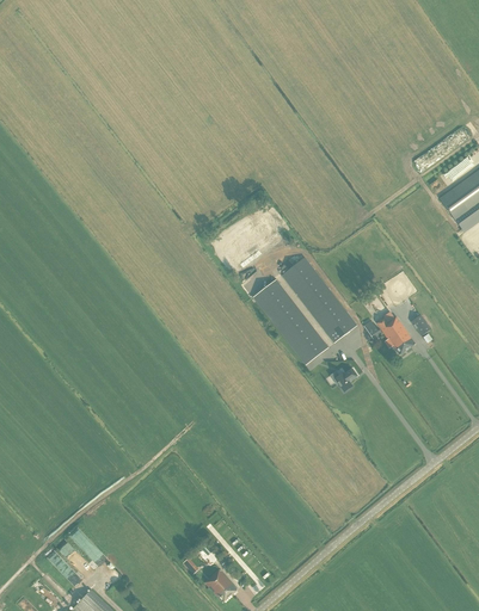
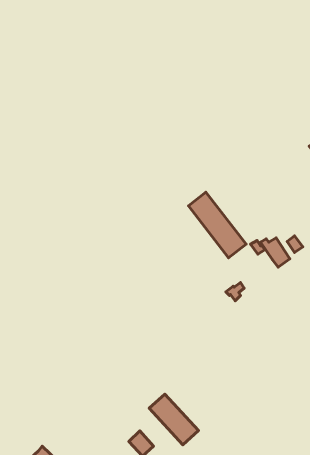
building: [252,279,327,364] -> none
building: none -> [149,394,198,445]

